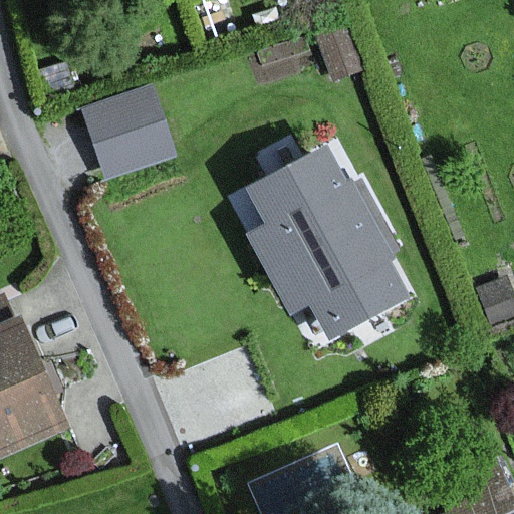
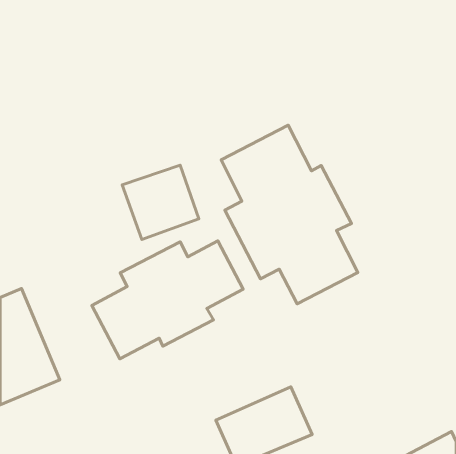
building: [87,91,174,175] -> [122,165,199,239]
building: none -> [92,241,243,359]

